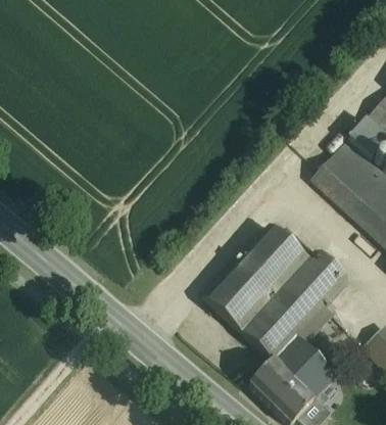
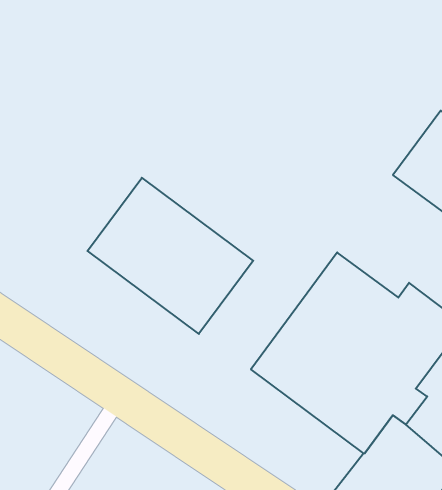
building: none -> [87,178,253,334]

